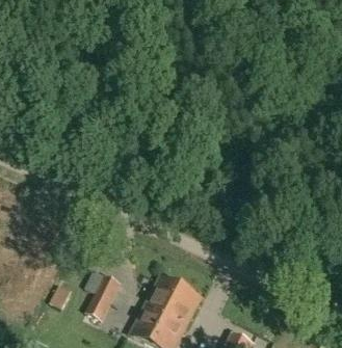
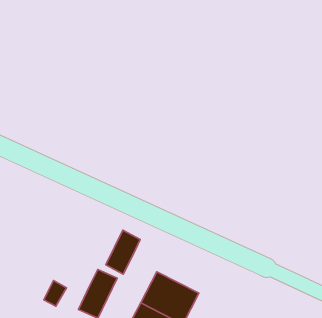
building: none -> [106,230,140,274]

